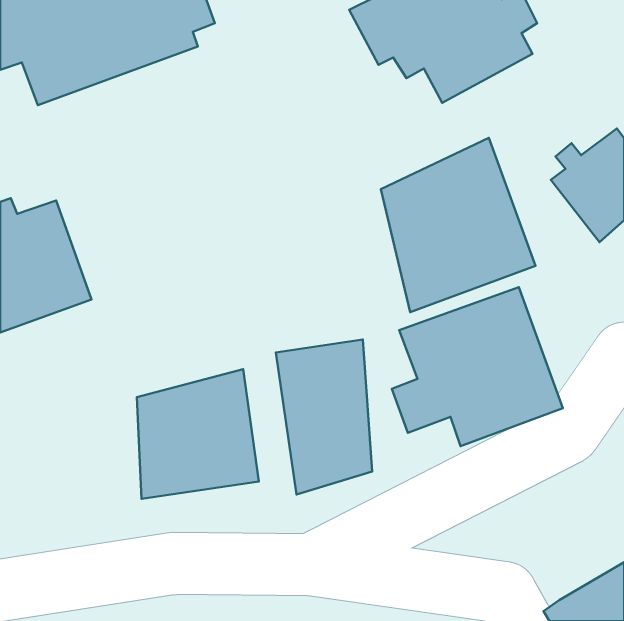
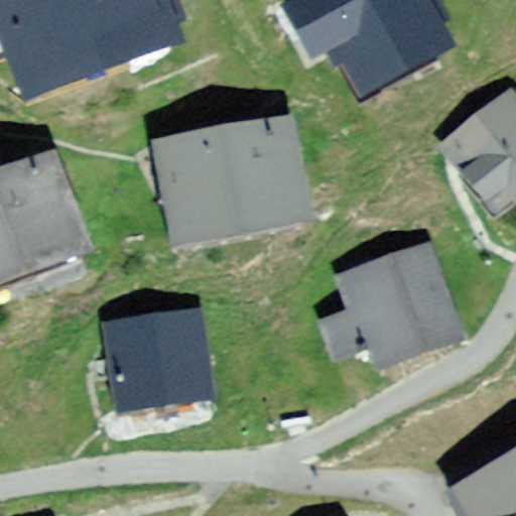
building: [381,138,535,312] -> none
building: none -> [164,128,298,238]
building: [276,339,372,495] -> none

